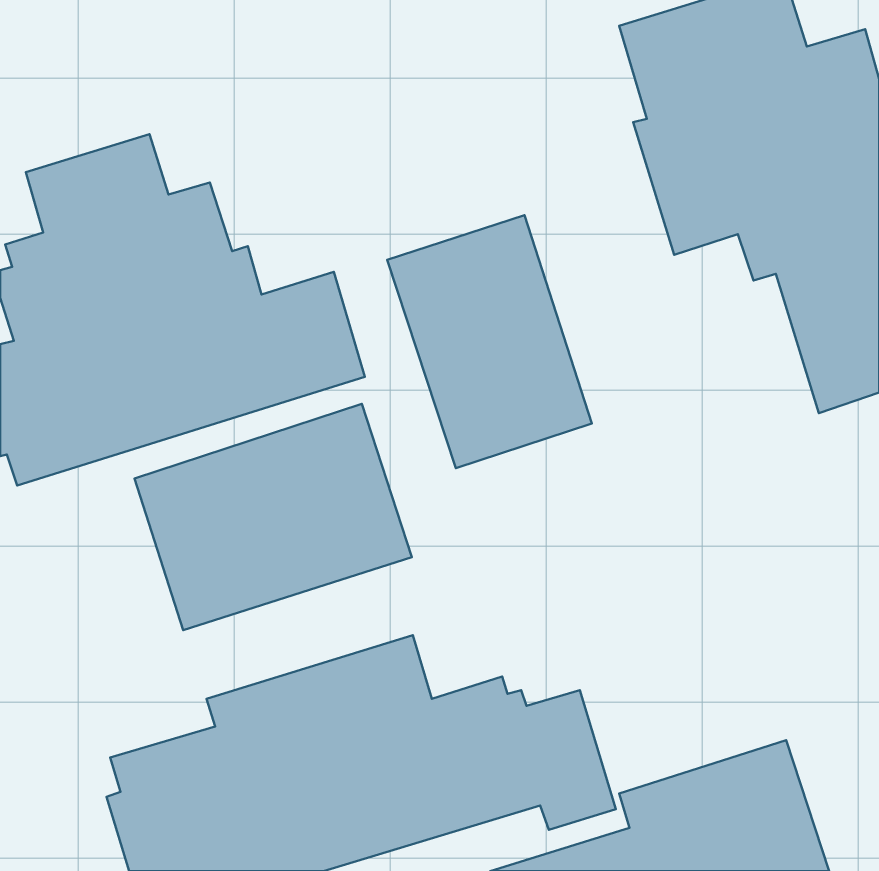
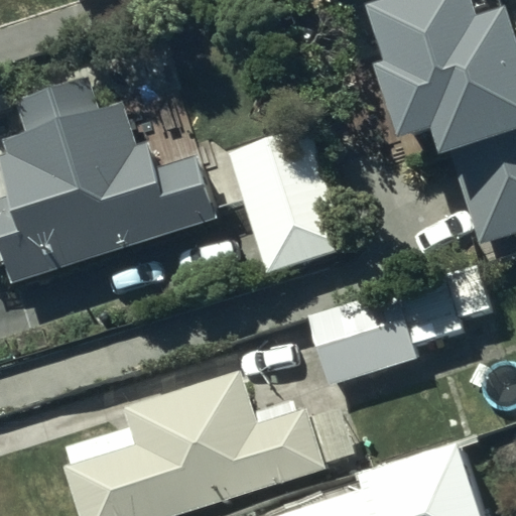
building: [135,404,412,630] -> none
building: none -> [304,263,492,386]

